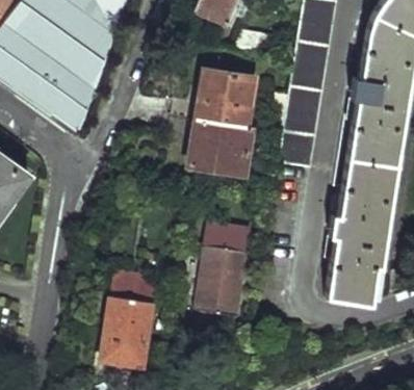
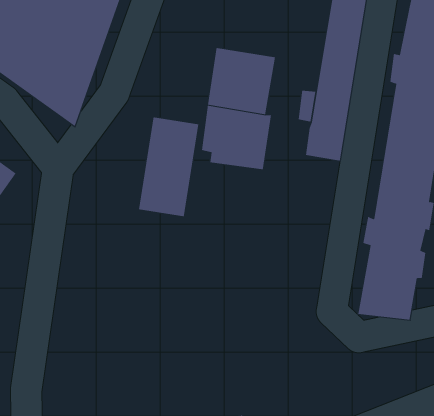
building: [196,229,248,314] -> [138,117,199,217]
building: [102,265,155,363] -> none

